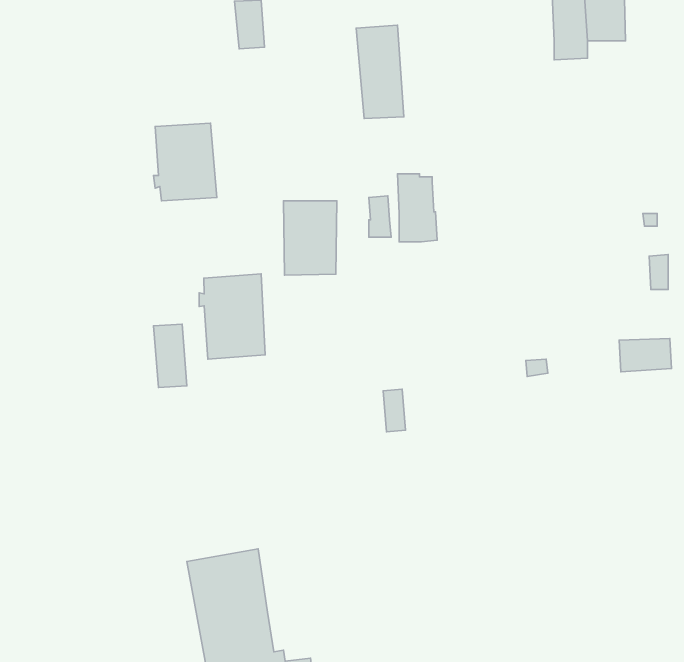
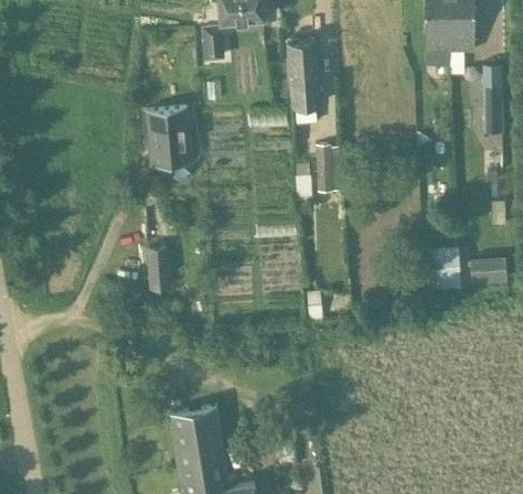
building: none -> [483,65,501,132]
building: [284,201,337,275] -> none
building: [199,274,265,359] -> none
building: none -> [428,245,461,287]

